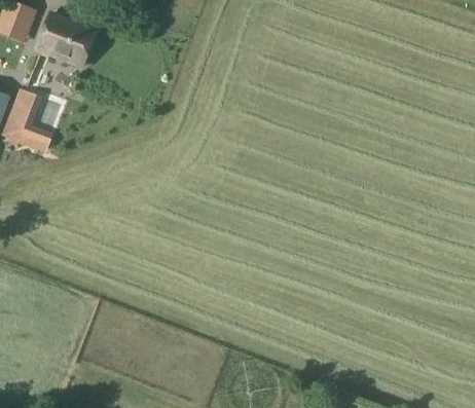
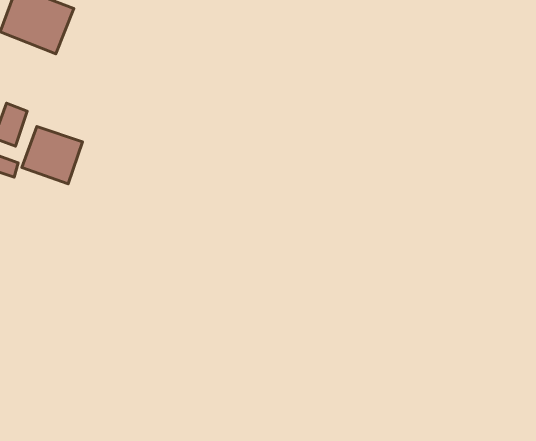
building: none -> [22,126,82,184]

